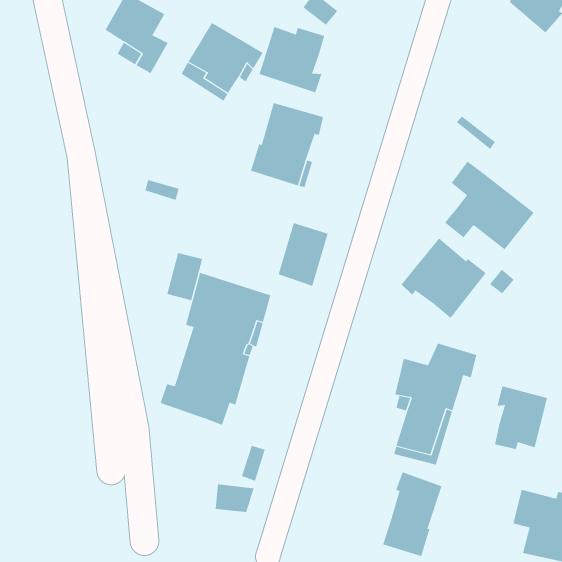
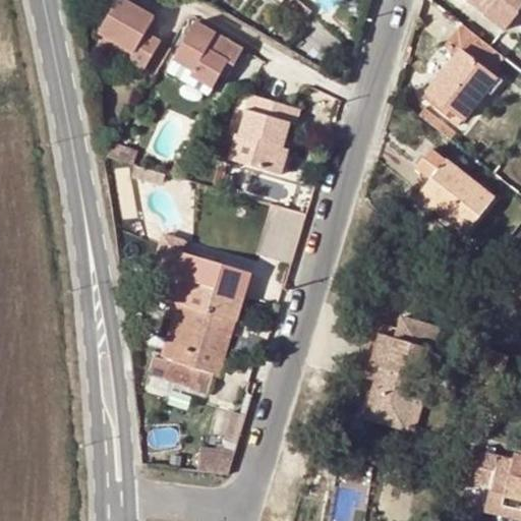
building: [259,26,325,93] -> none
building: none -> [426,31,501,124]
building: [401,238,486,319] -> none
building: [494,385,548,450] -> none
building: [383,472,442,557] -> none

